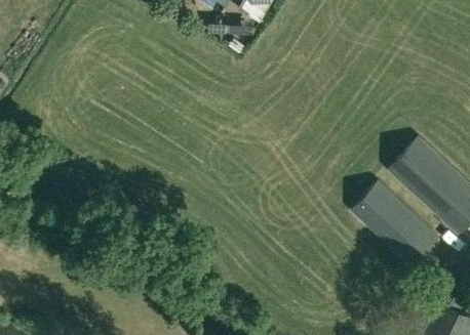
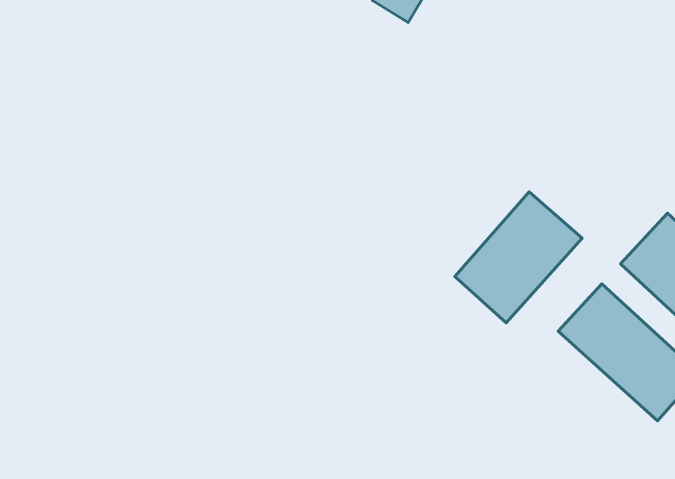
building: none -> [455,192,582,323]

